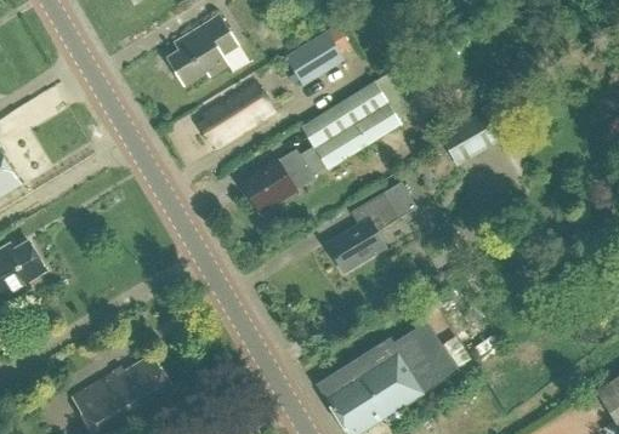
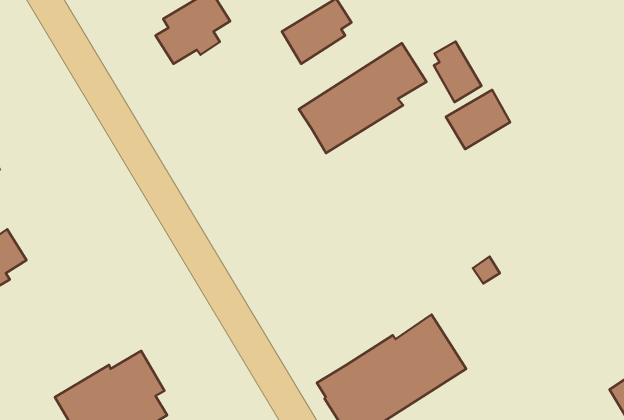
building: none -> [434,41,482,102]
building: [197,81,273,144] -> none
building: [240,145,325,213] -> none
building: [325,183,415,273] -> none

